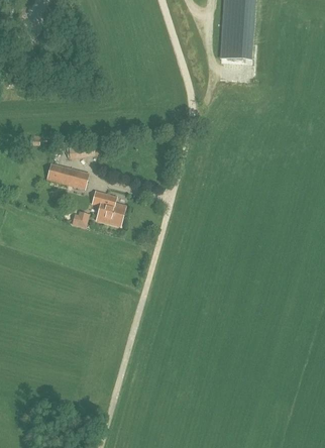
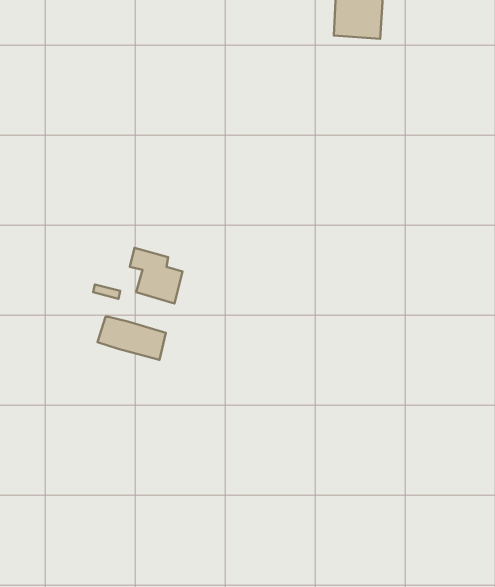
building: [46,162,90,190] -> [97,317,166,360]

